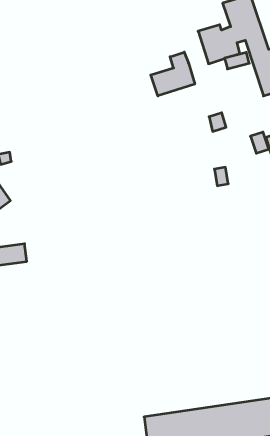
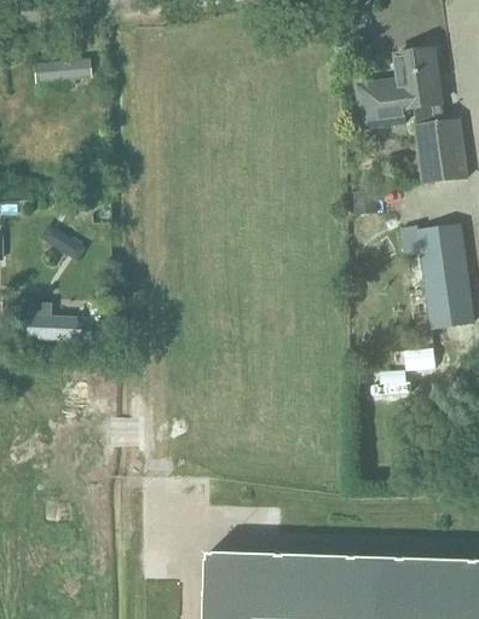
building: [151,52,195,96] -> none

